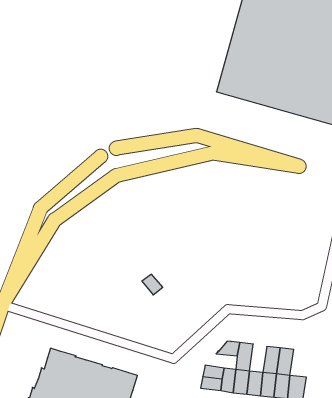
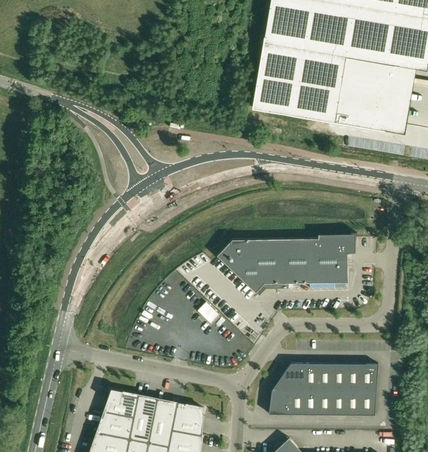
building: none -> [217,234,356,293]
building: none -> [317,363,332,391]
building: none -> [359,364,378,391]
building: none -> [271,377,303,391]

